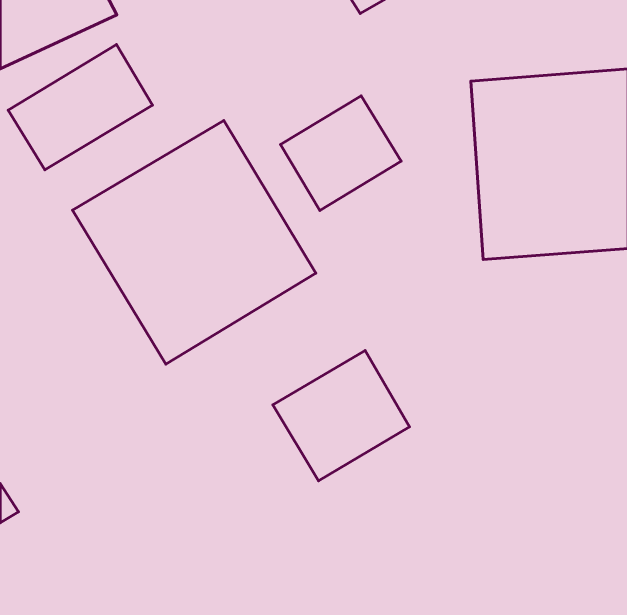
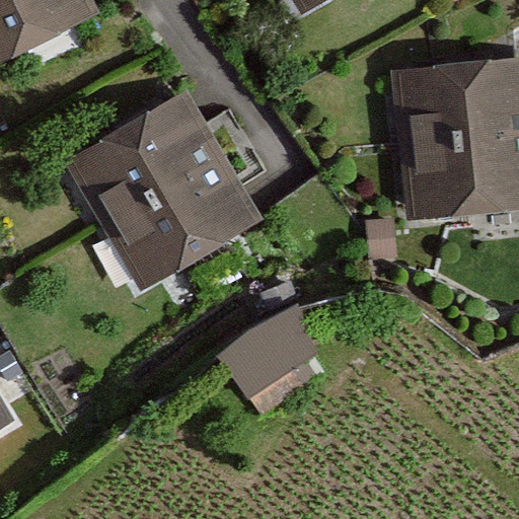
building: [8,44,153,170] -> none
building: [280,96,401,211] -> none

